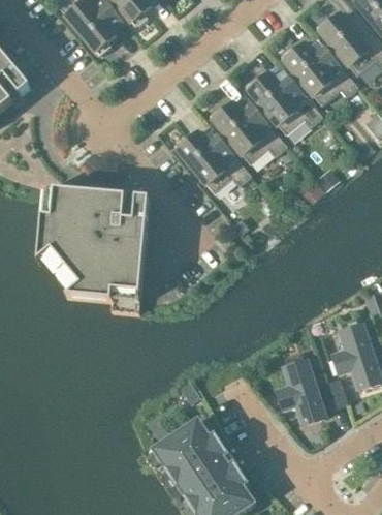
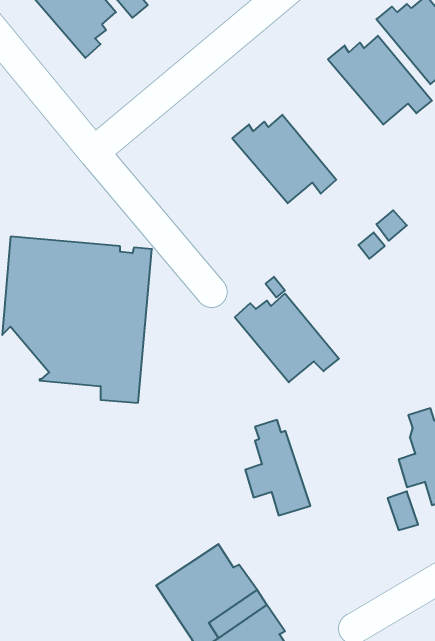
building: [245,69,322,135] -> none
building: [173,128,251,194] -> [235,294,339,382]
building: [277,354,325,425] -> [245,420,310,515]

